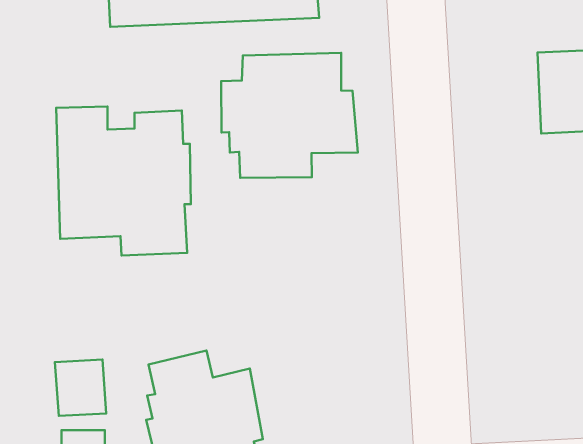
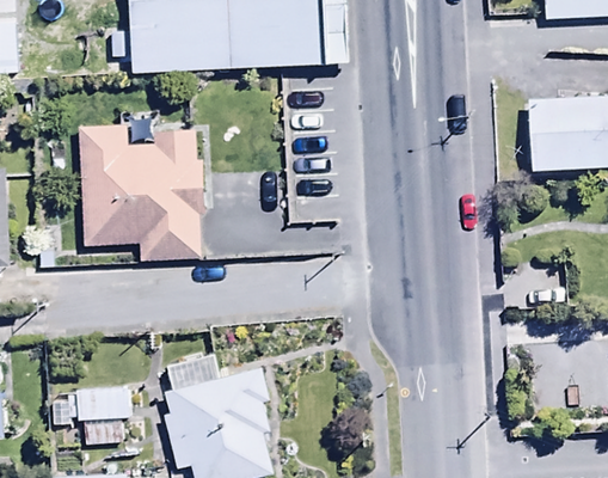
building: [221,53,358,178] -> none

